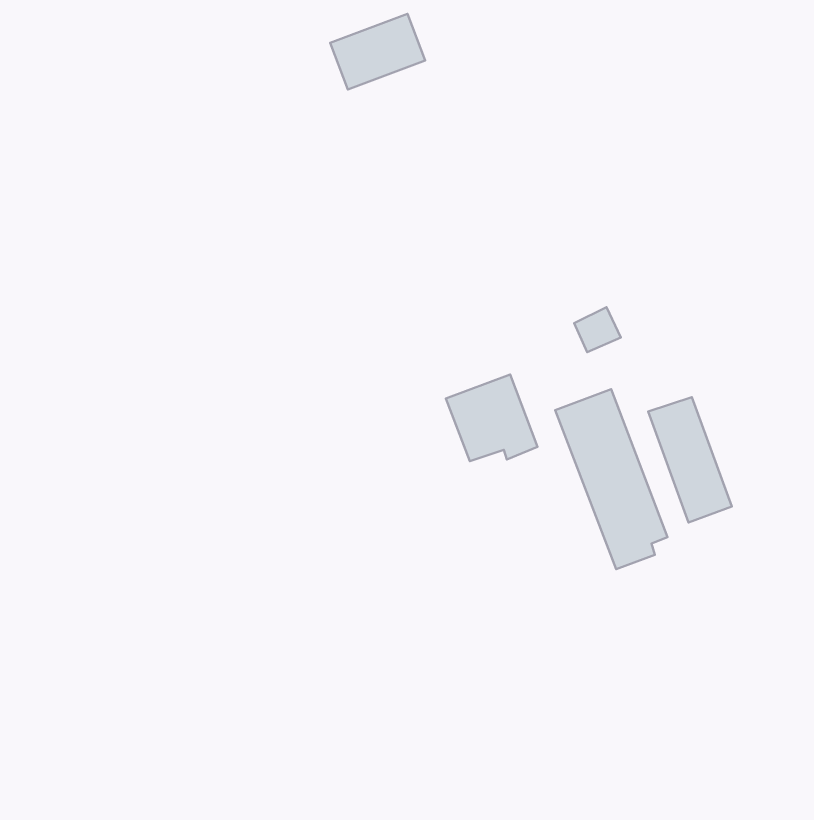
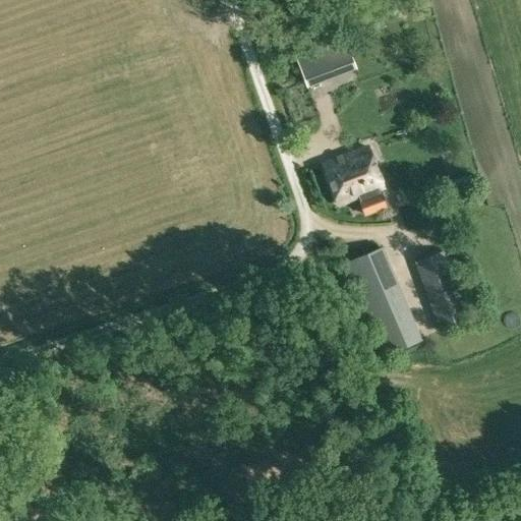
building: [330,14,425,89] -> [290,39,350,86]
building: [446,374,537,461] -> [323,148,381,202]

